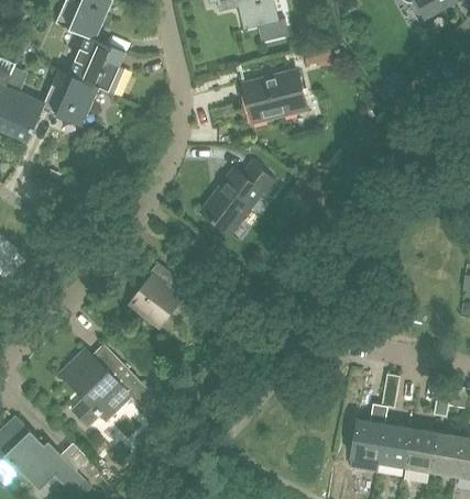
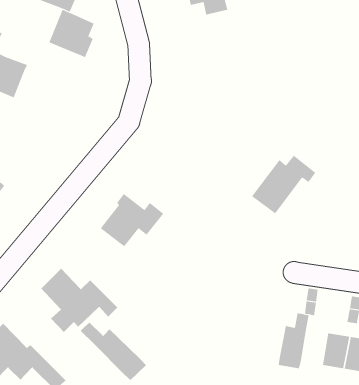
building: [42,69,99,126] -> none
building: [242,70,308,125] -> none
building: [200,163,280,235] -> [251,155,316,214]
building: none -> [80,322,147,381]
building: [379,424,411,468] -> none

